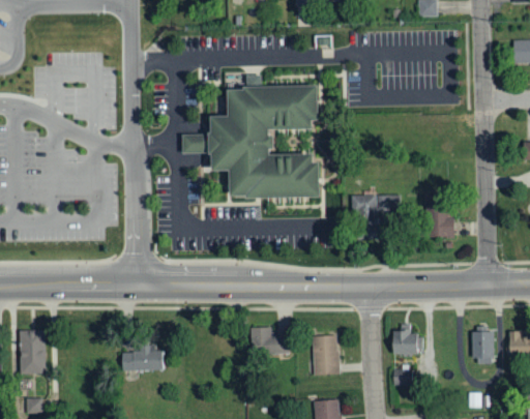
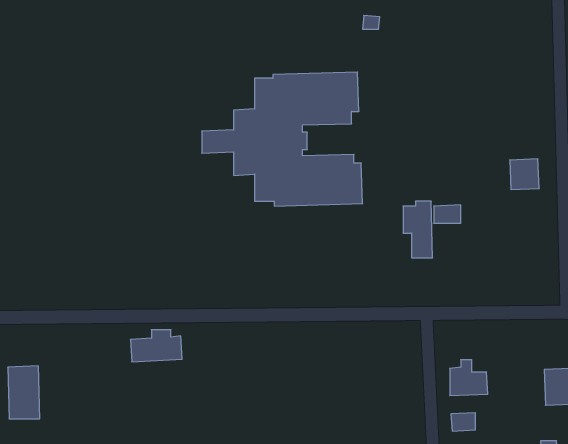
building: [430,213,454,239] -> [510,159,539,190]
building: [249,327,291,355] -> none
building: [312,335,338,376] -> none
building: [121,346,165,372] -> [130,330,182,362]

